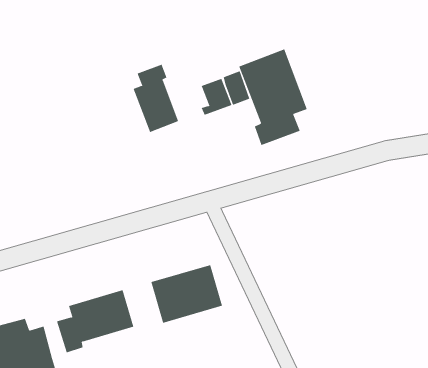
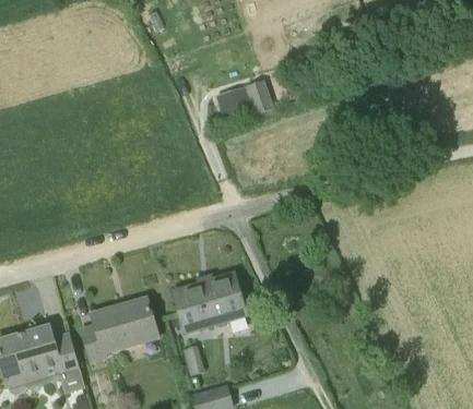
building: [239,49,307,146] -> none
building: [133,64,179,133] -> none

